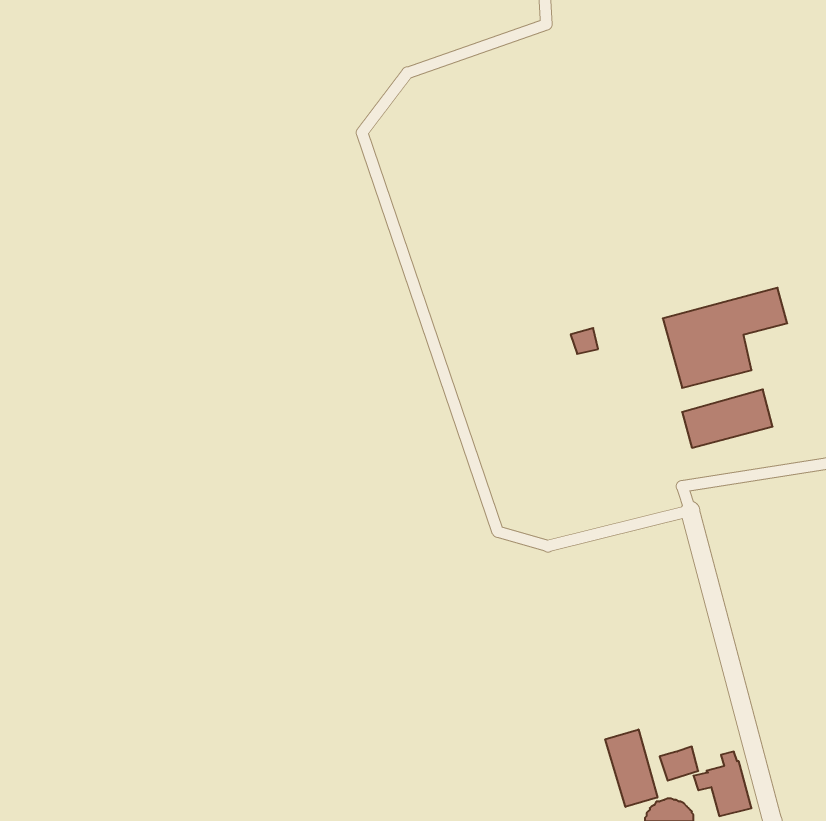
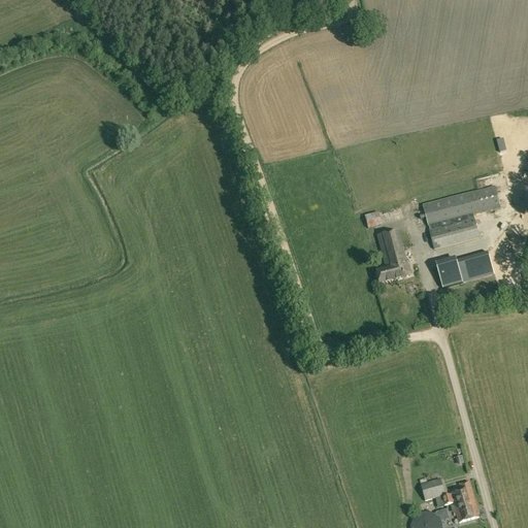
building: none -> [375,228,411,282]
building: [605,729,657,807] -> none

